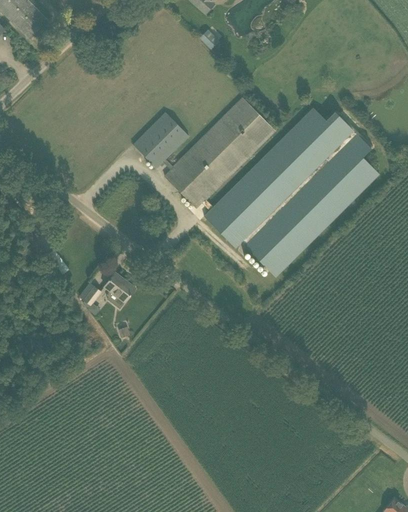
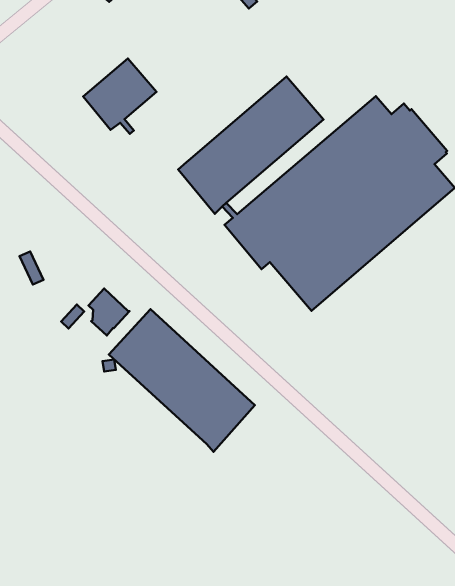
building: [132,111,188,169] -> [83,58,156,134]
building: none -> [109,309,255,452]

